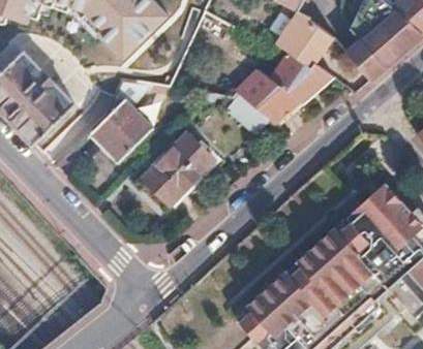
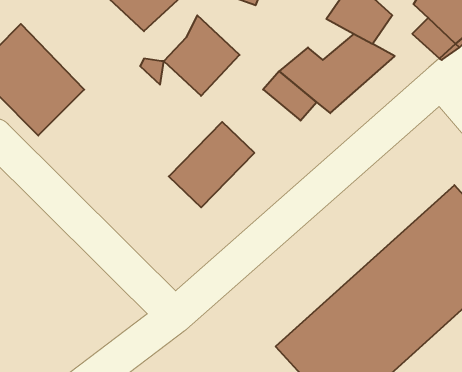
building: [89,91,152,158] -> [164,15,240,96]

